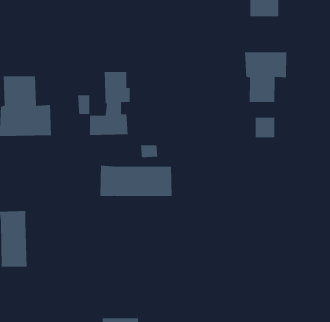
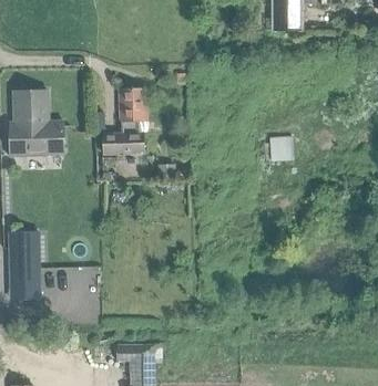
building: [244,51,287,103] -> none
building: [100,165,172,197] -> none

